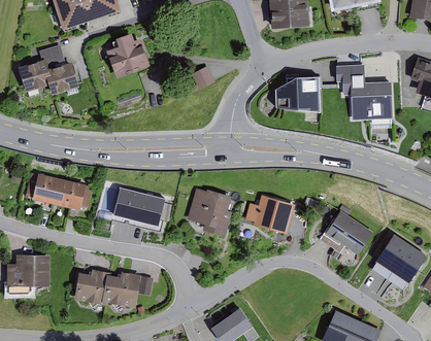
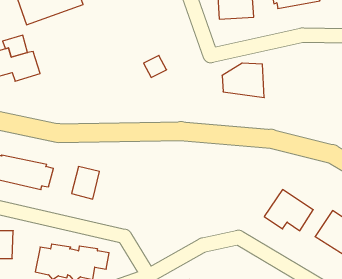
building: [105,33,150,78] -> none
building: [335,64,392,121] -> none
building: [187,189,231,237] -> none
building: [135,192,166,227] -> none
building: [245,196,295,234] -> none

